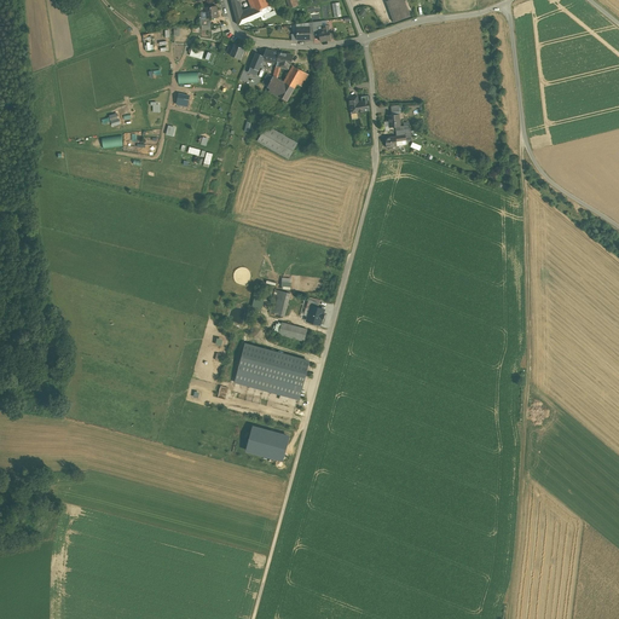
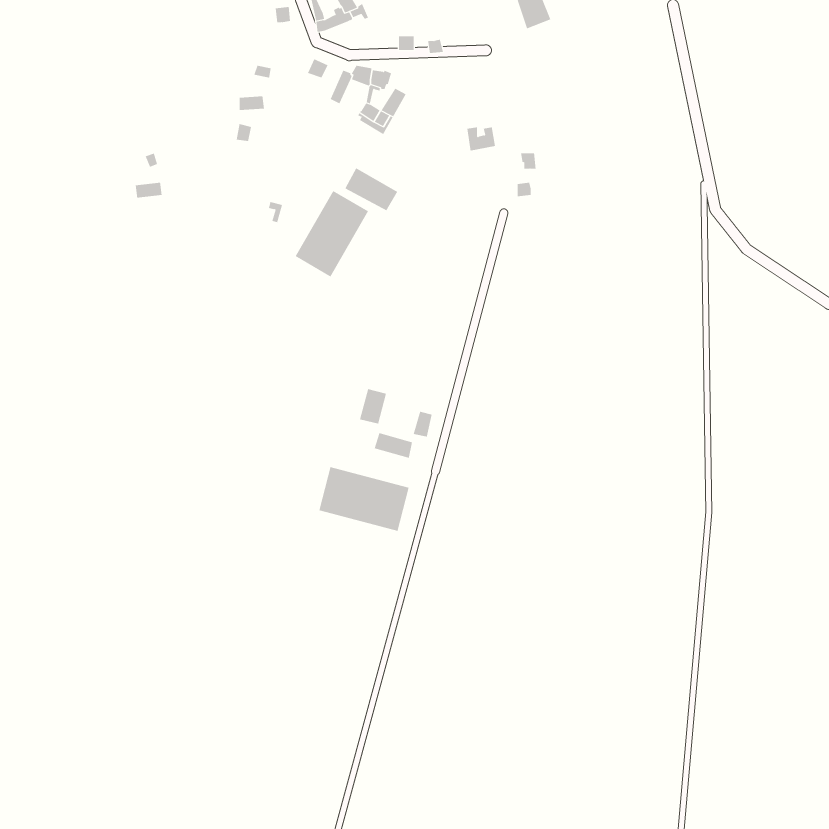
building: none -> [295,190,369,278]
building: [245,427,287,459] -> none

